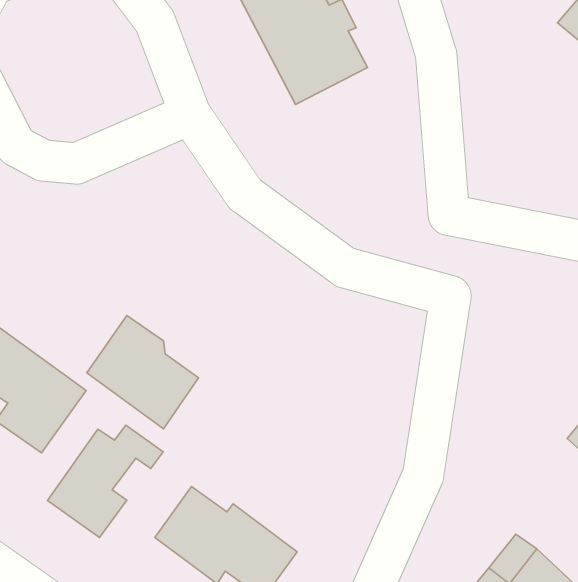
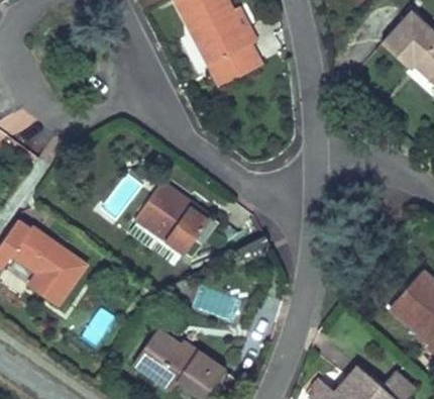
building: [87,315,199,429] -> [137,180,208,252]
building: [48,425,163,537] -> none

